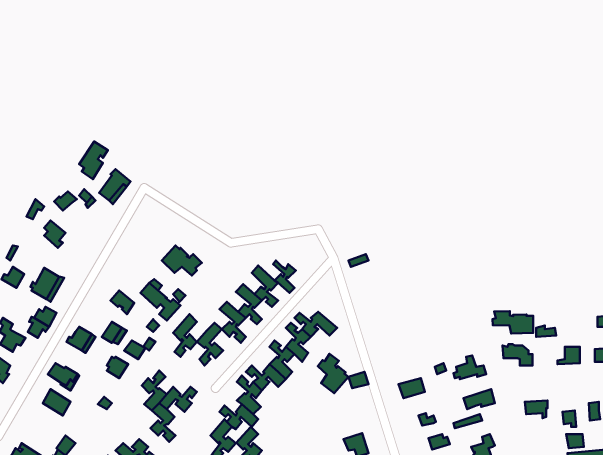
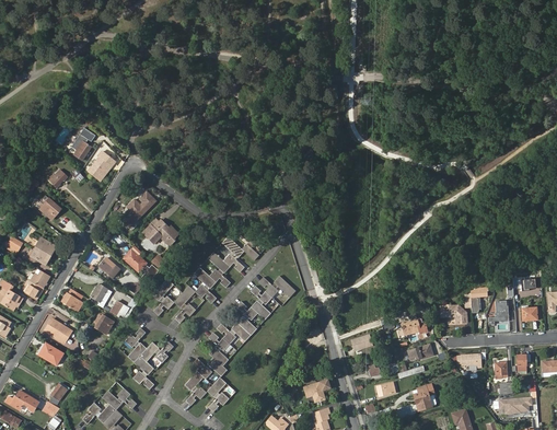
building: none -> [119,193,154,228]
building: [493,311,533,334] -> none
building: [318,354,348,393] -> none

